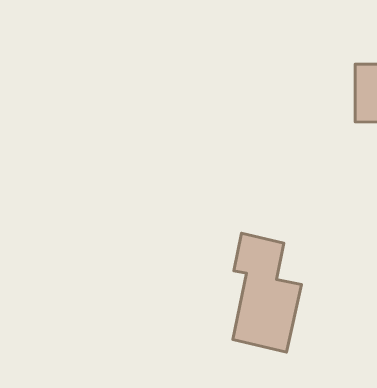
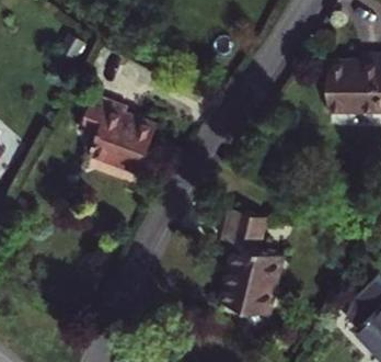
building: none -> [81,97,158,172]

